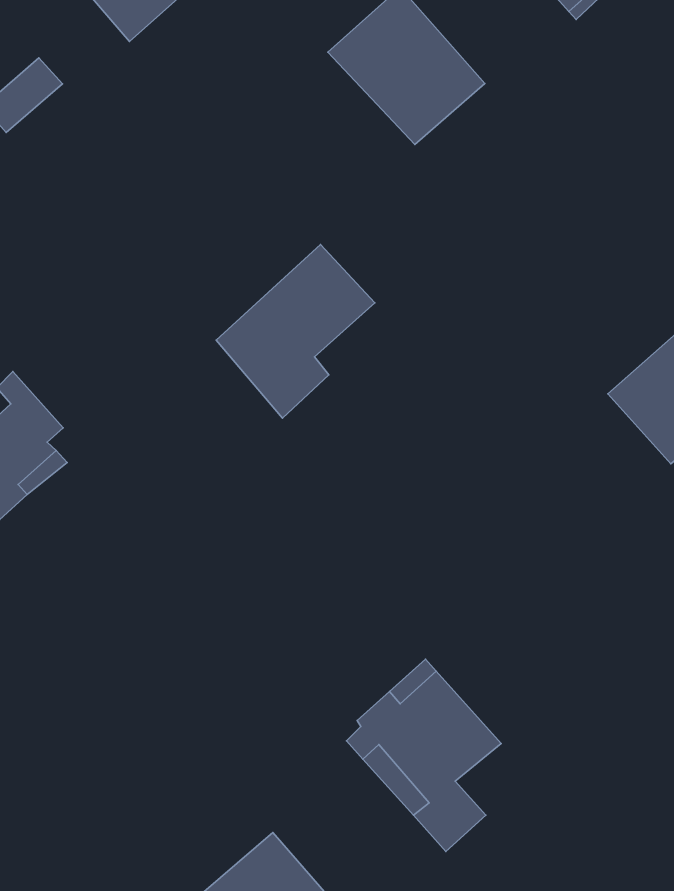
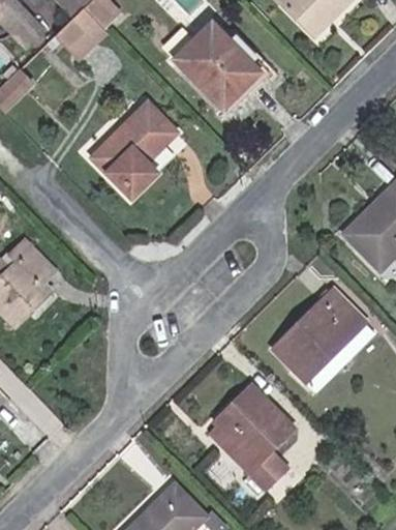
building: [216,244,375,418] -> [98,102,183,198]
building: none -> [274,291,364,380]

